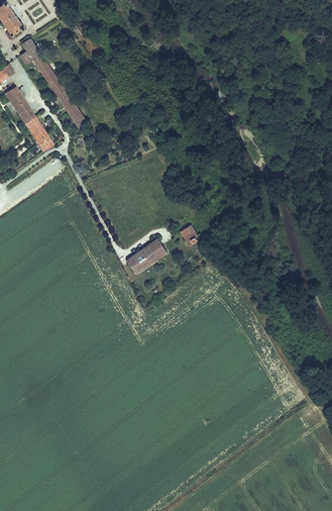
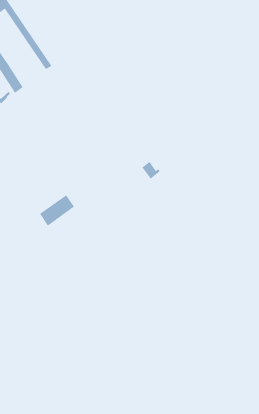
building: [129,238,169,274] -> [39,195,75,227]

